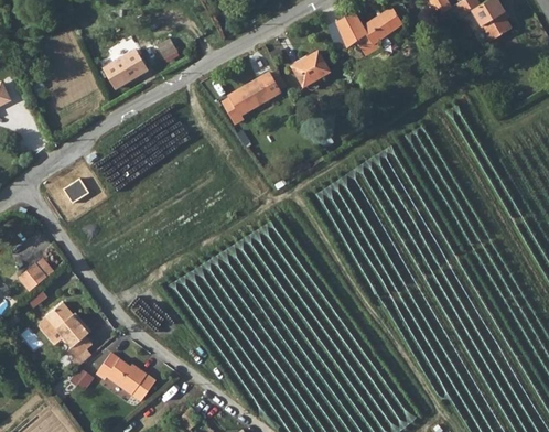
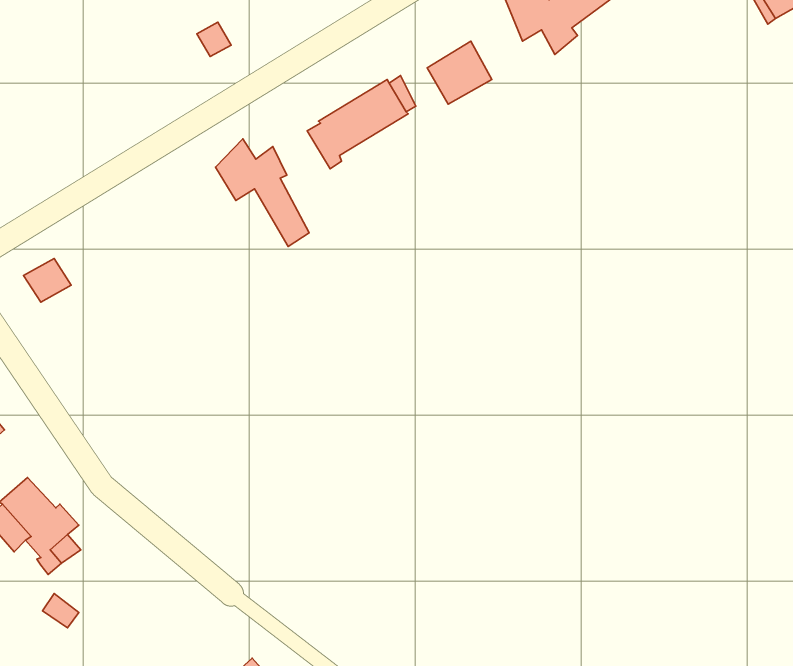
building: [105,51,149,88] -> none
building: none -> [215,139,309,246]
building: [96,353,154,399] -> none

